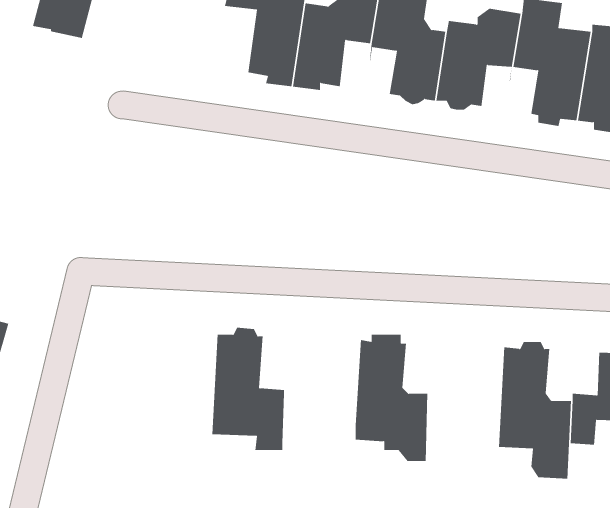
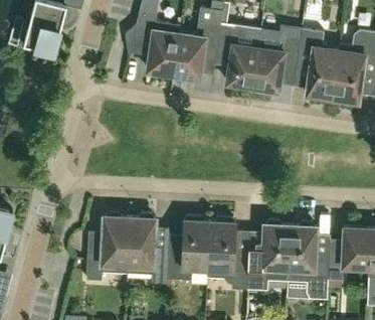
building: none -> [86,213,130,281]
building: none -> [167,216,210,281]
building: none -> [247,220,291,291]

